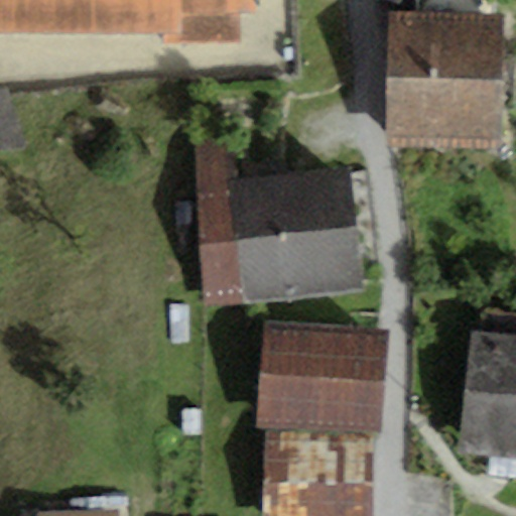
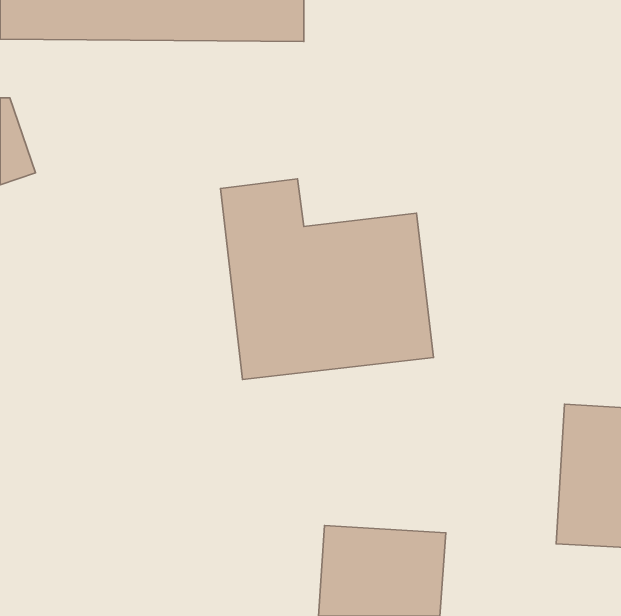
building: [399,18,503,120] -> none
building: [257,320,385,416] -> none

